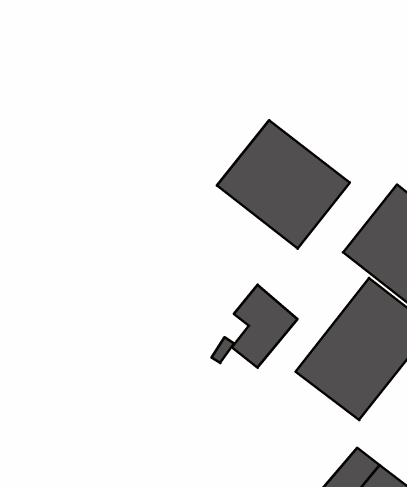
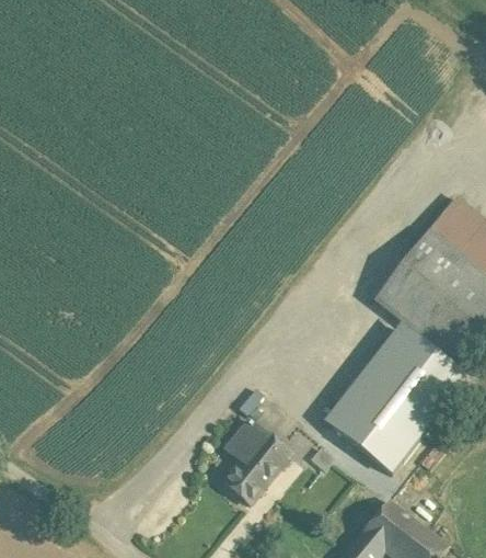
building: [217,120,350,249] -> none
building: [232,285,297,368] -> [222,418,289,502]

